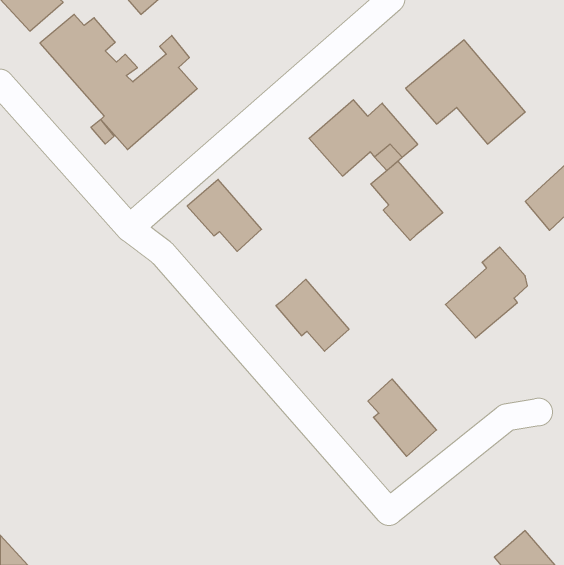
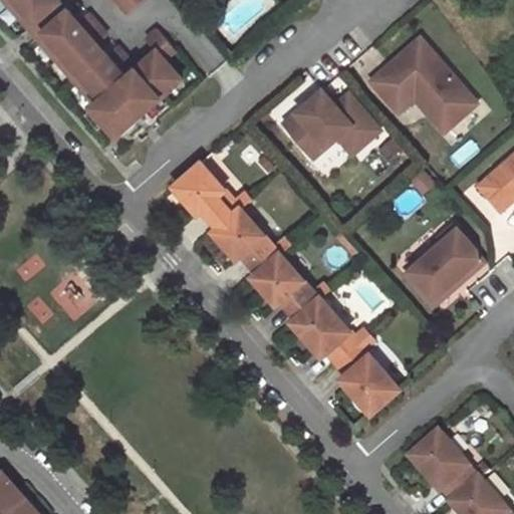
building: [371,161,443,240] -> none
building: none -> [212,208,279,273]
building: none -> [291,298,357,363]
building: none -> [412,437,478,501]

